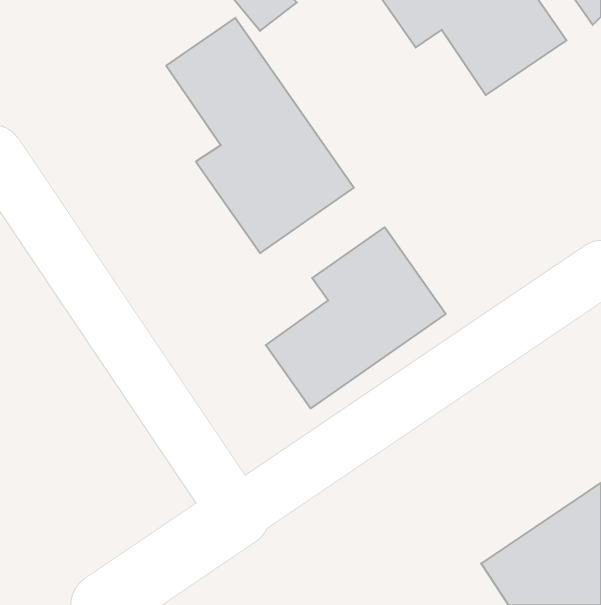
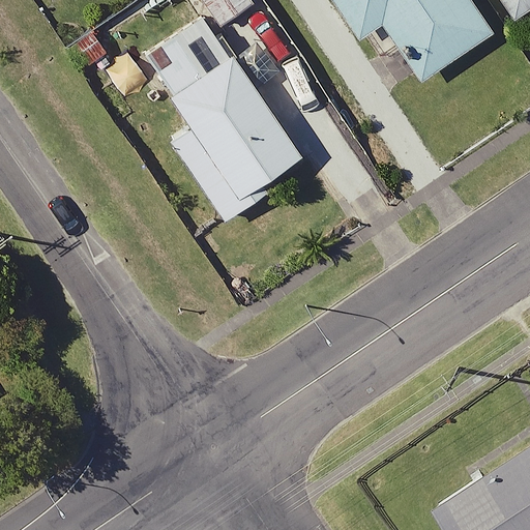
building: [266,227,446,408] -> none

